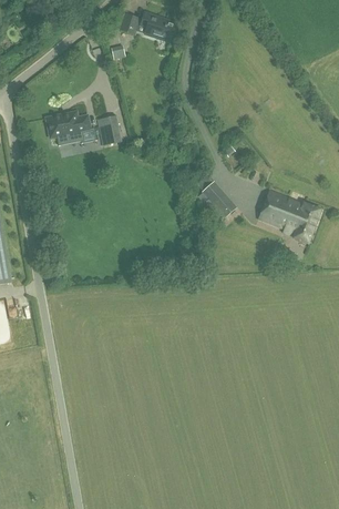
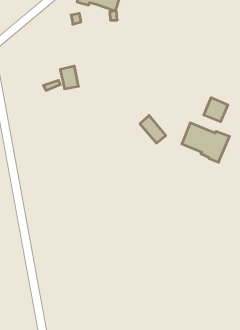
building: [44,114,89,144] -> none
building: none -> [204,98,228,122]

